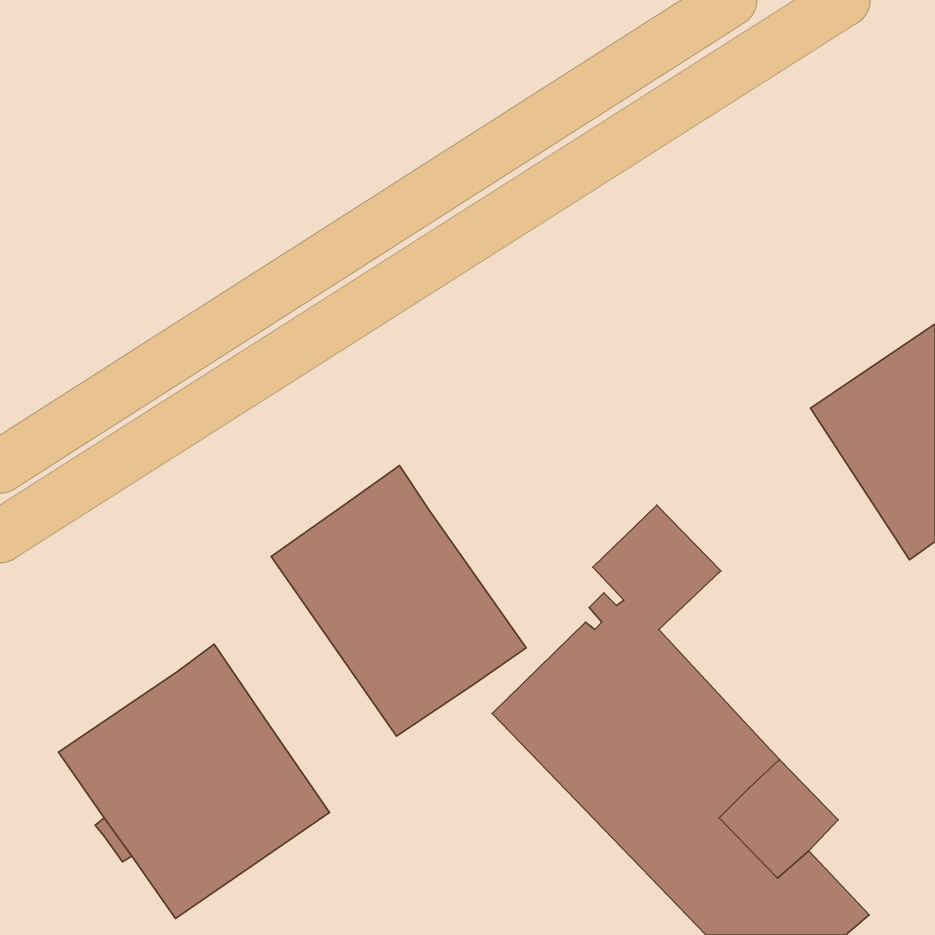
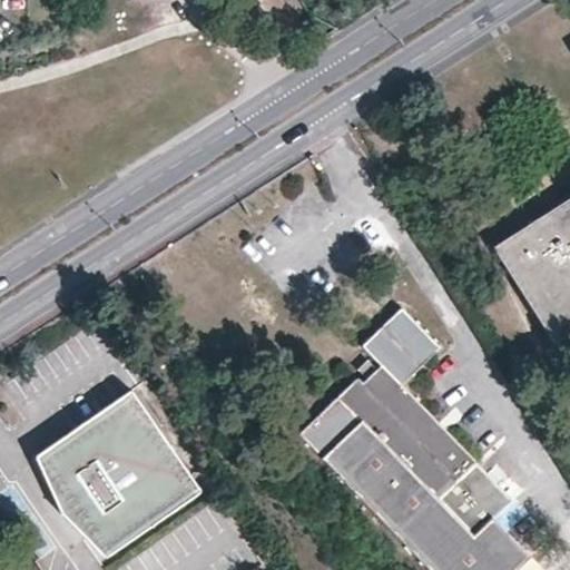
building: [271,465,526,736] -> none

